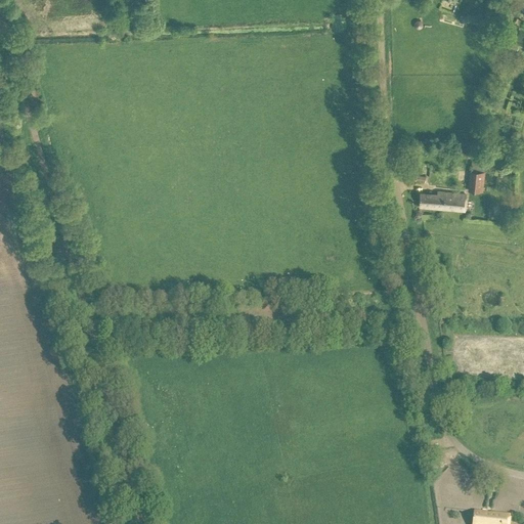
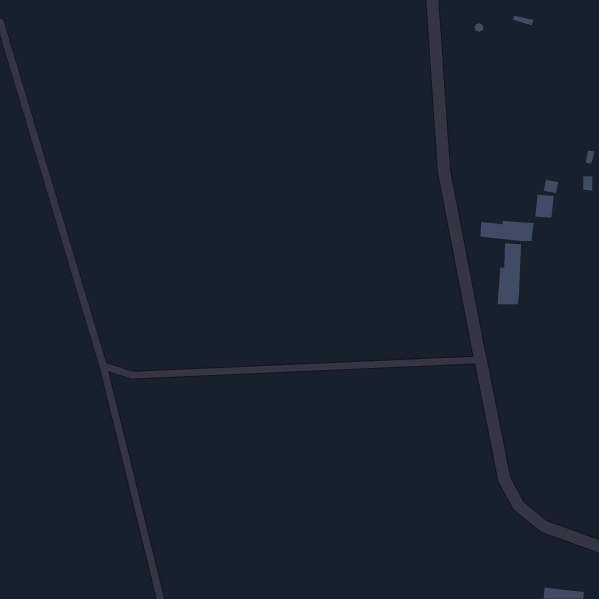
building: none -> [497,243,521,305]

